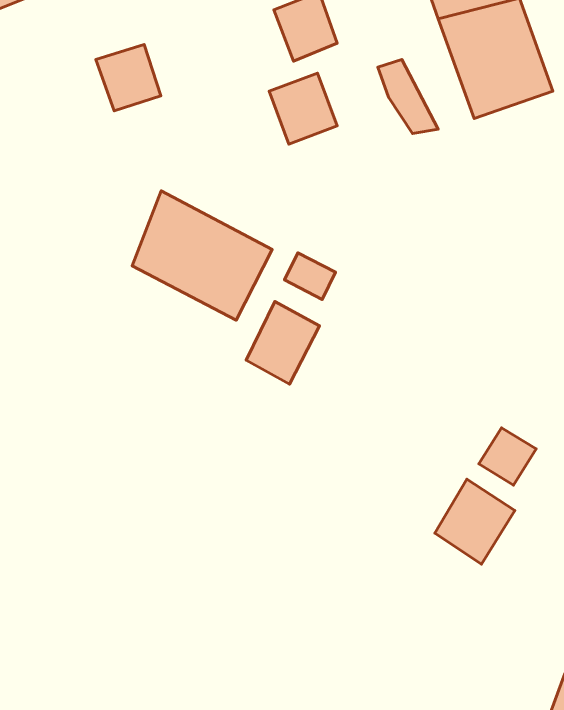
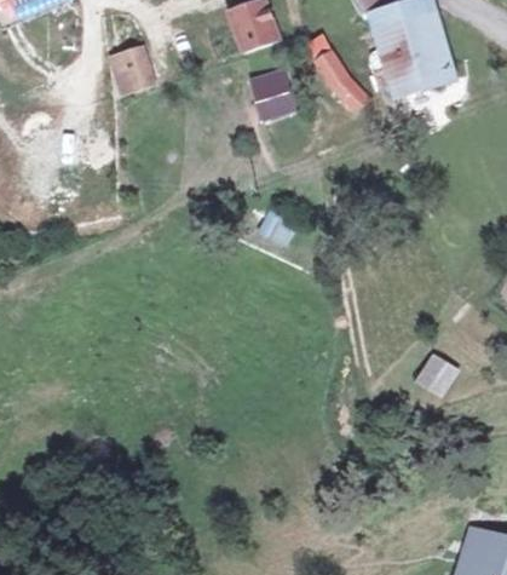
building: [132,191,272,320] -> none
building: [246,302,320,384] -> none
building: [435,479,515,564] -> none

